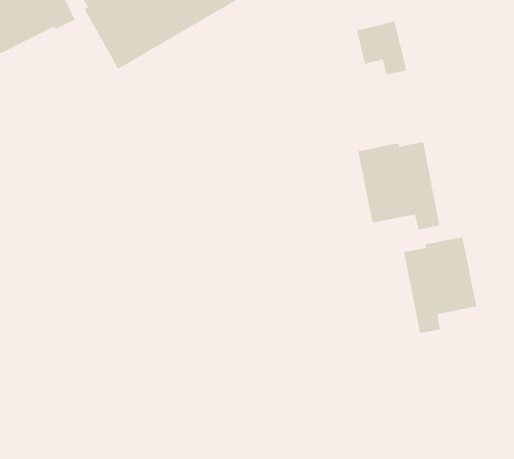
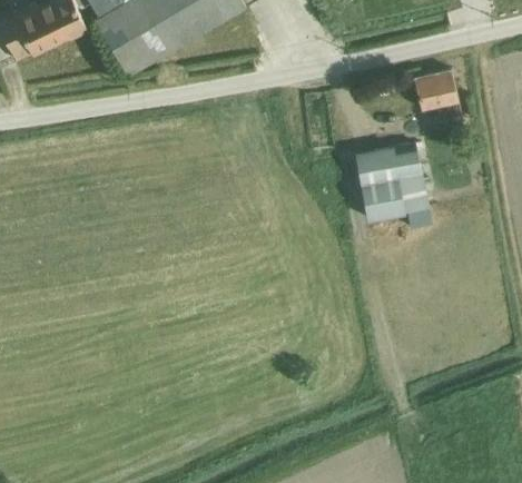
building: [356,21,407,75] -> [414,70,462,121]
building: [404,236,477,334] -> none

